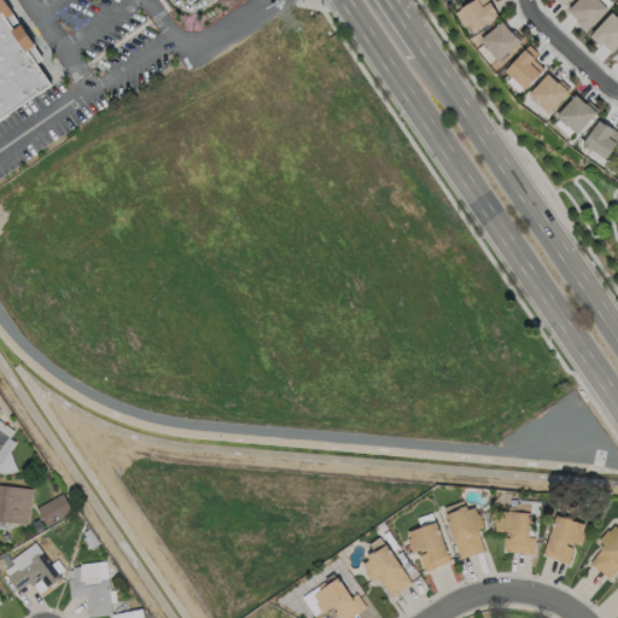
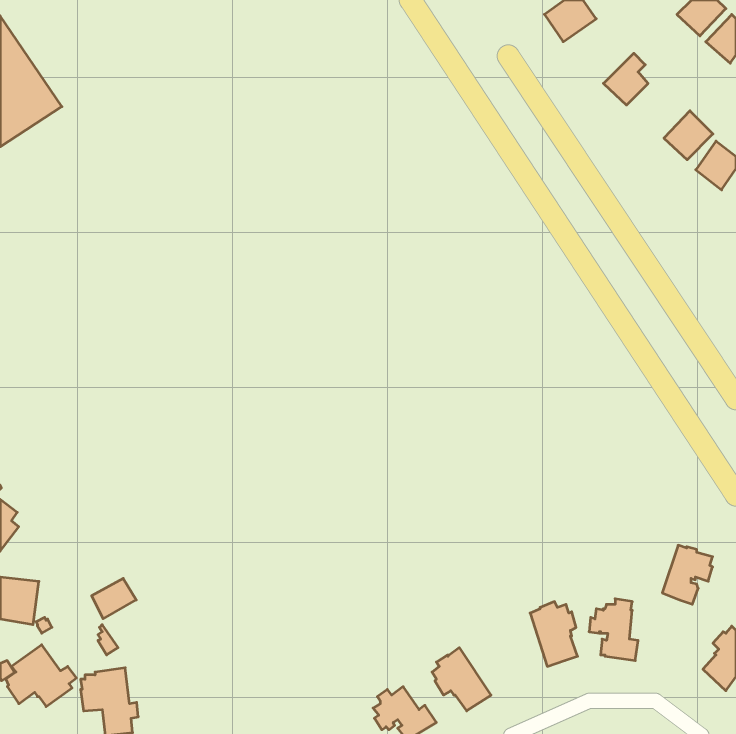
building: [482,22,521,62] -> none
building: [529,72,570,115] -> none
building: [36,494,74,527] -> [92,578,136,619]
building: [407,513,449,572] -> none
building: [542,515,584,565] -> [662,545,713,604]

